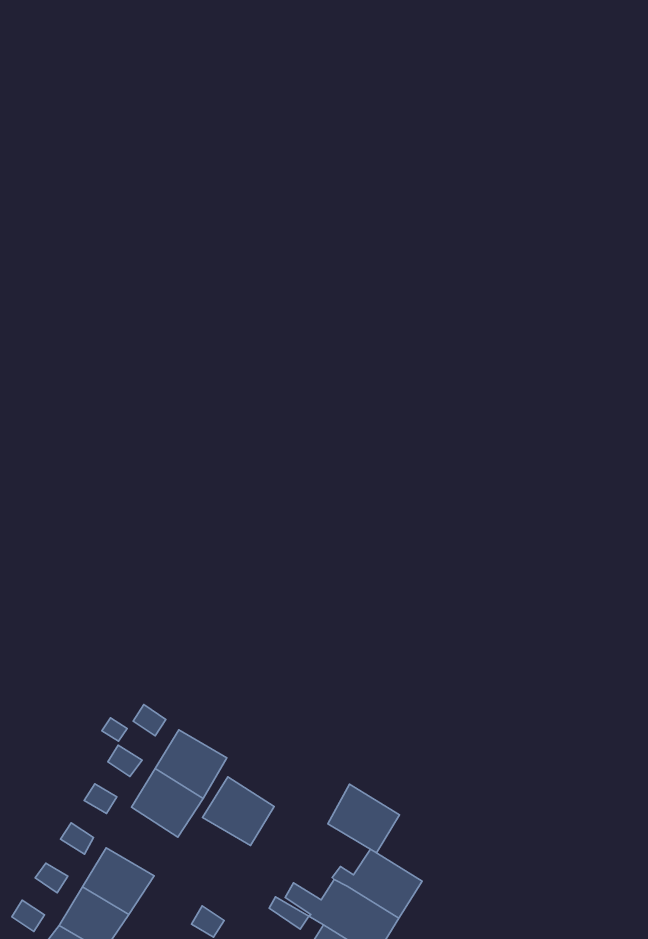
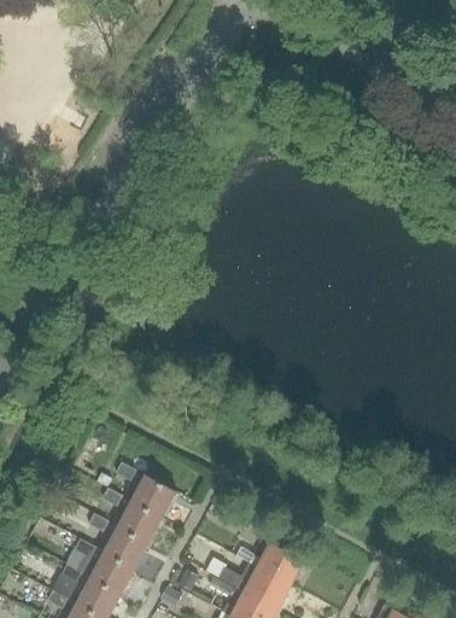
building: [202,777,274,845] -> [101,529,146,571]
building: [328,784,400,853] -> none

